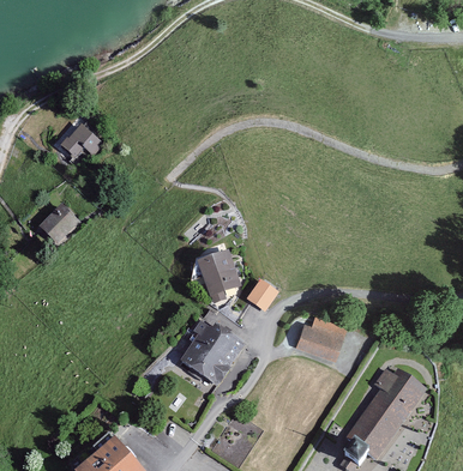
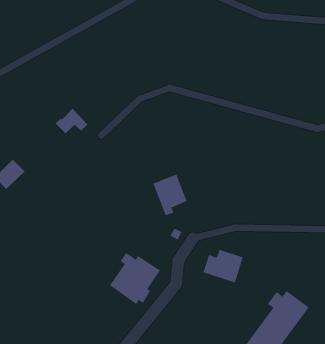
building: [60,126,101,158] -> [55,108,88,134]
building: [198,250,241,302] -> [153,174,188,216]

